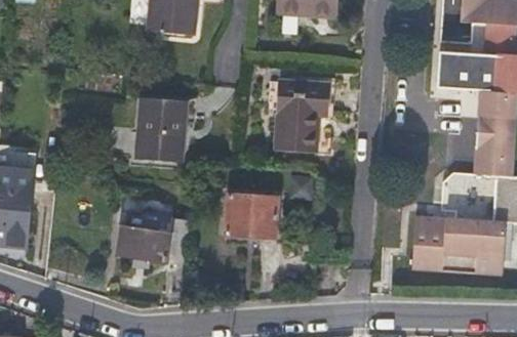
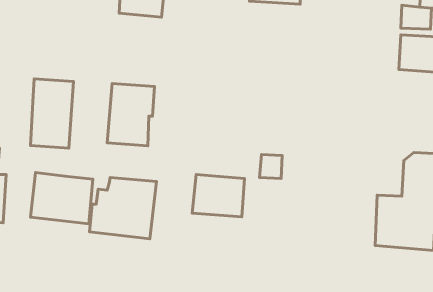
building: [277,81,329,153] -> none
building: none -> [30,79,74,148]
building: none -> [30,173,93,224]

